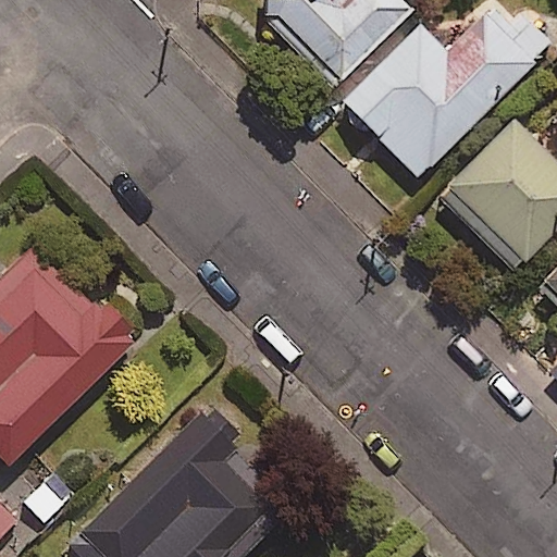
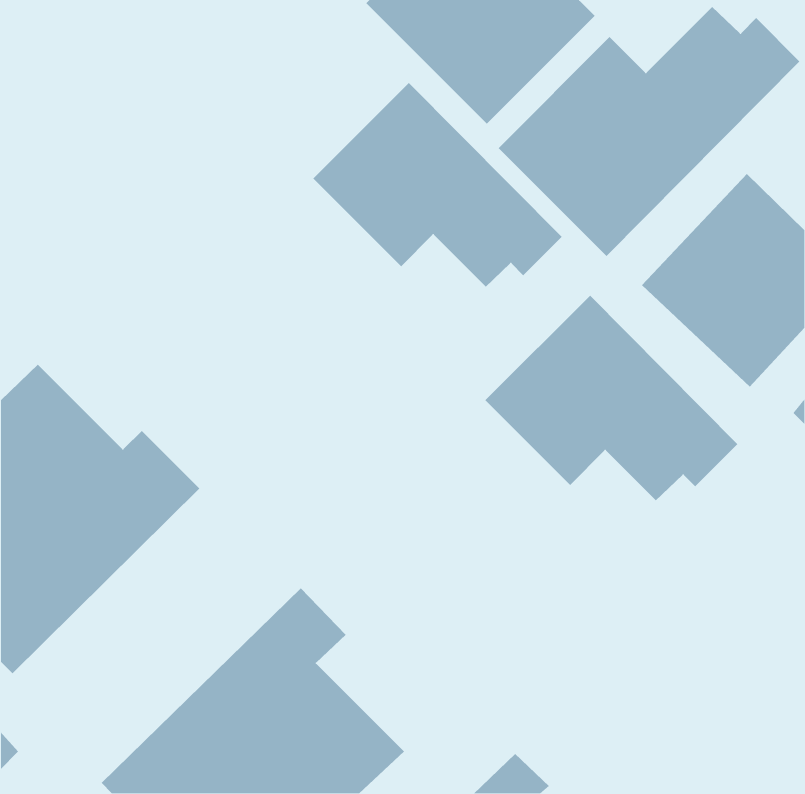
building: none -> [312,82,562,287]
building: none -> [484,295,738,501]

